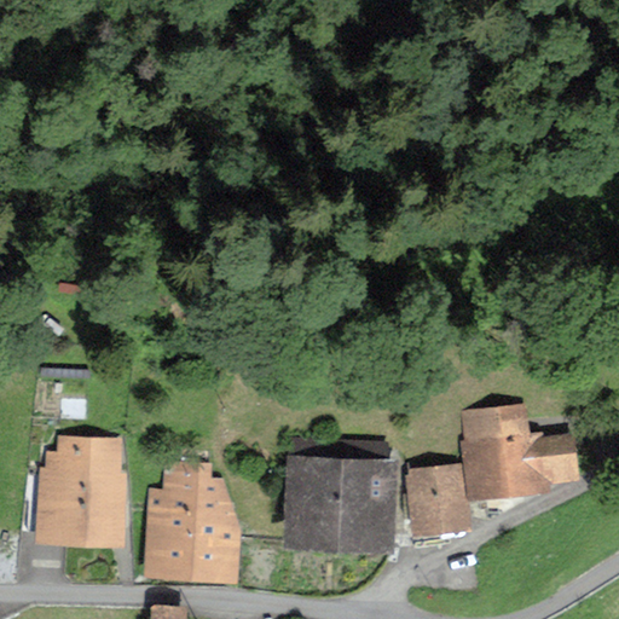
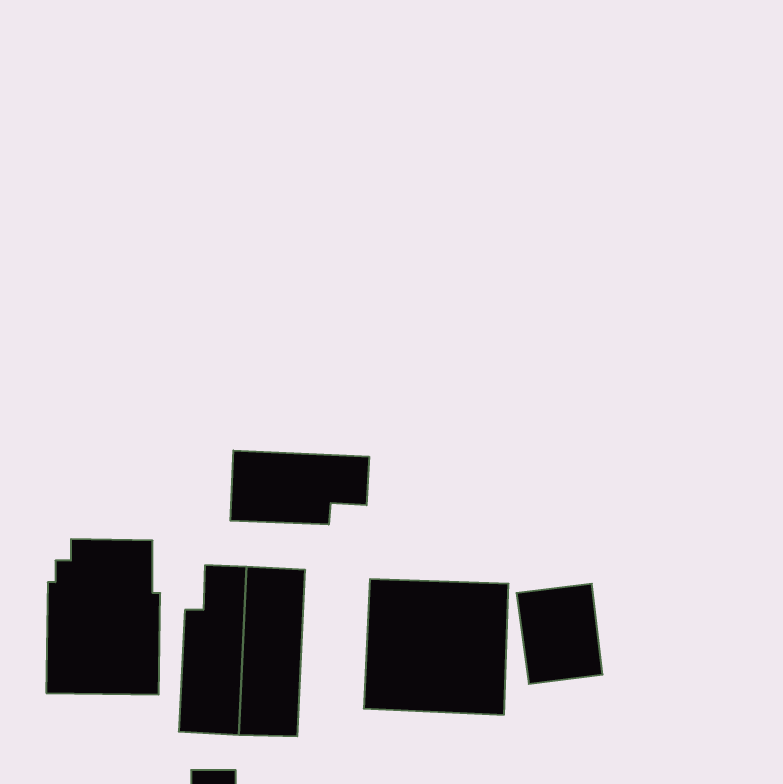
building: none -> [230,450,369,525]
building: [461,399,579,505] -> none

